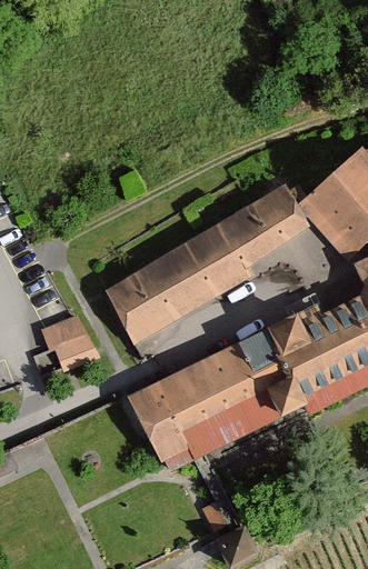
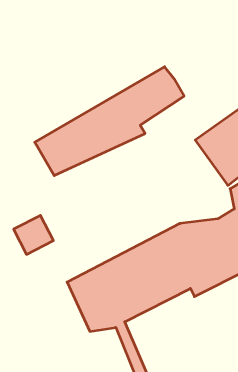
building: [106,189,310,338] -> [35,67,184,176]

